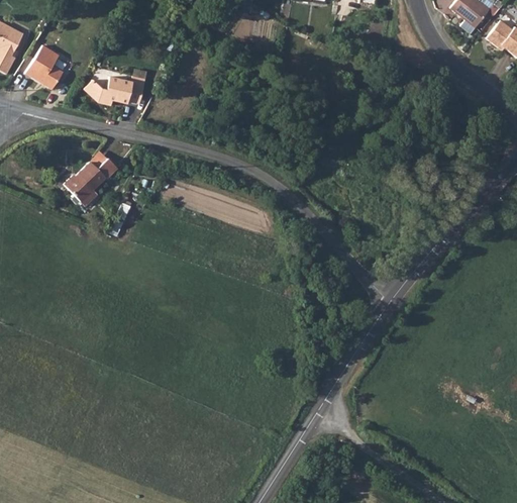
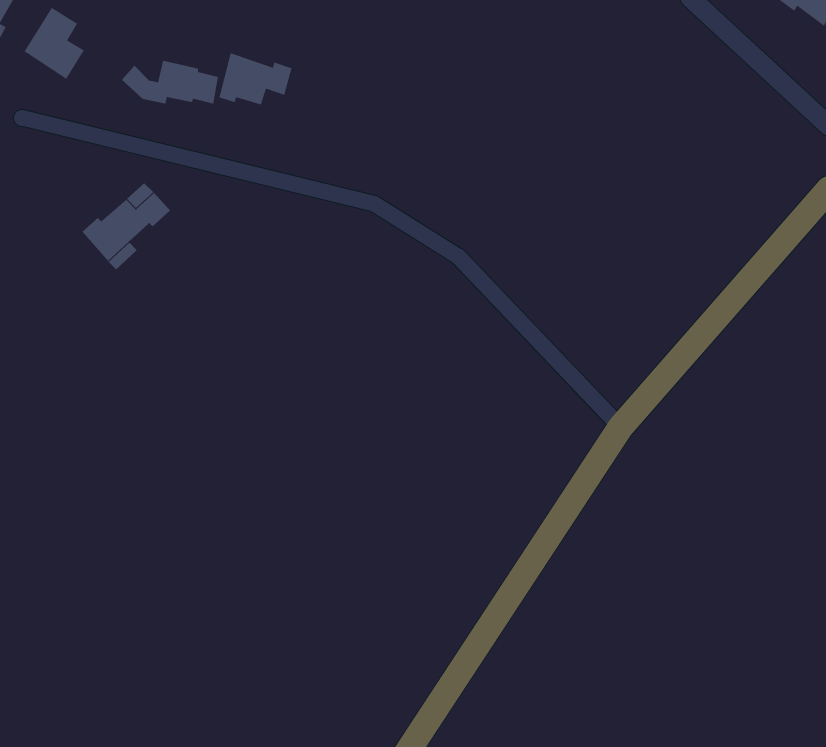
building: none -> [218,52,292,105]

